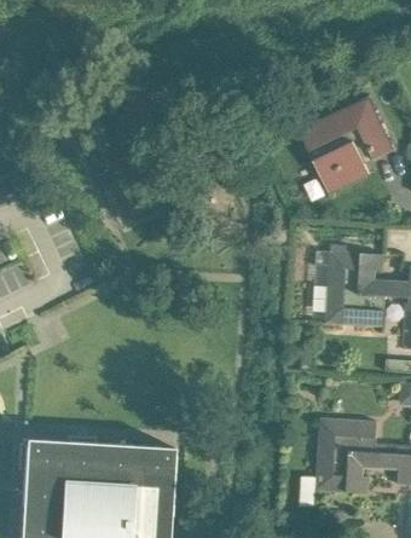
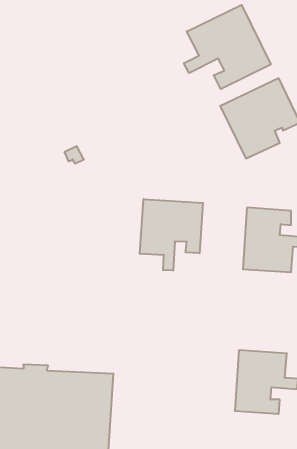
building: none -> [184,5,271,89]
building: none -> [140,199,203,271]

